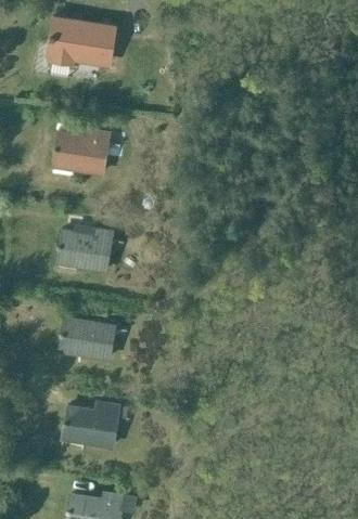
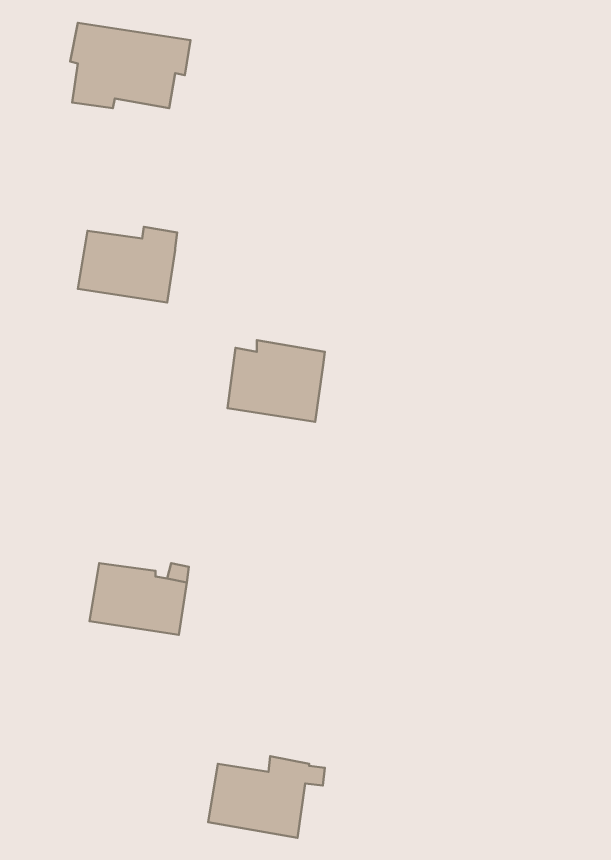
building: [57,225,112,271] -> [228,340,325,422]
building: [63,402,128,447] -> [208,756,325,838]

